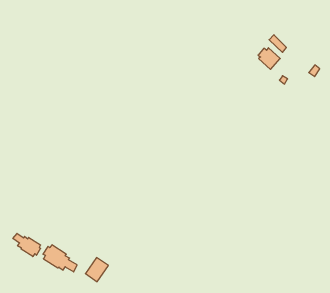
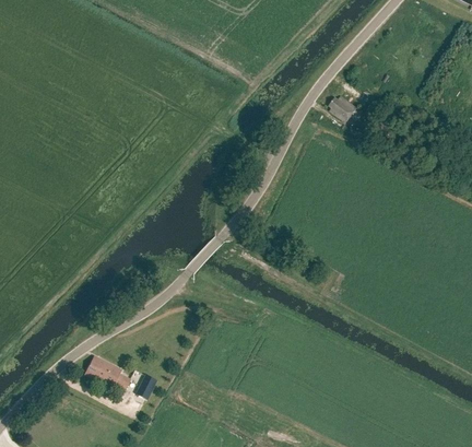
building: [13,233,41,257] -> none

